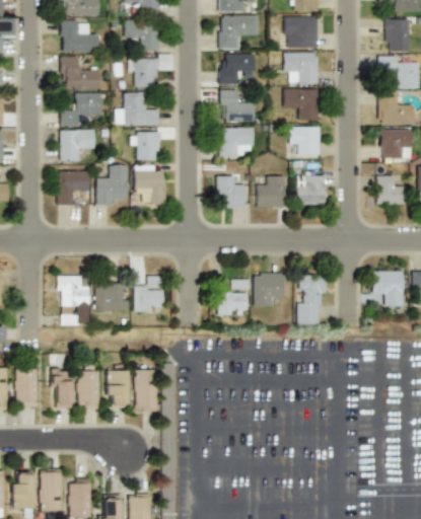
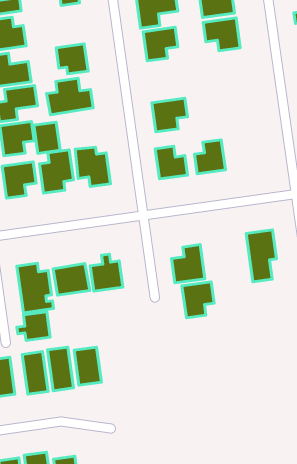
building: [125,20,160,51] -> none
building: [284,89,320,120] -> none
building: [221,90,256,122] -> none
building: [289,126,322,156] -> none
building: [138,132,161,161] -> [34,122,60,153]
building: [297,174,328,206] -> none
building: [255,273,285,306] -> [182,282,214,318]
building: none -> [17,312,50,341]
building: [136,367,158,412] -> none

